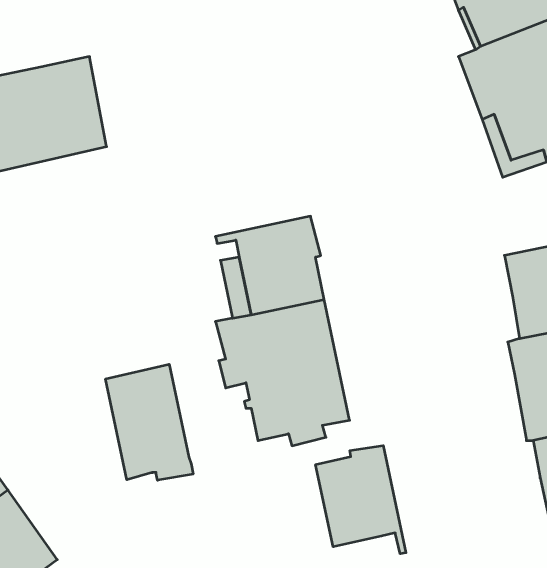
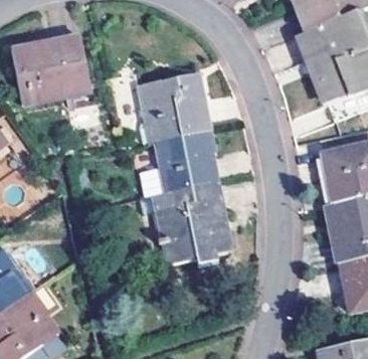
building: none -> [135,72,208,144]
building: [106,364,193,480] -> none
building: [316,446,406,554] -> none

